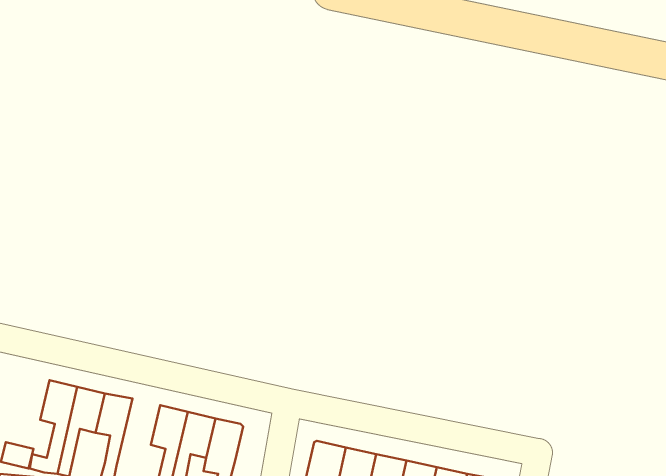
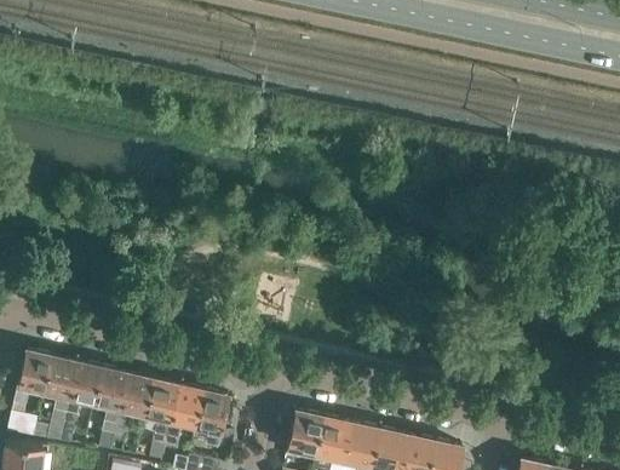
building: none -> [13,350,51,403]
building: none -> [113,372,153,436]

